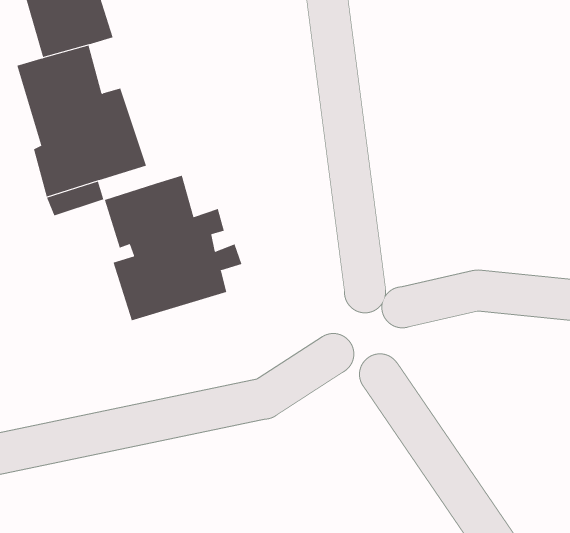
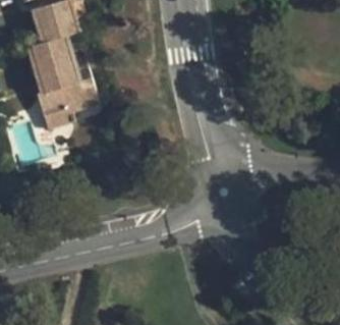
building: [104,175,242,321] -> none

